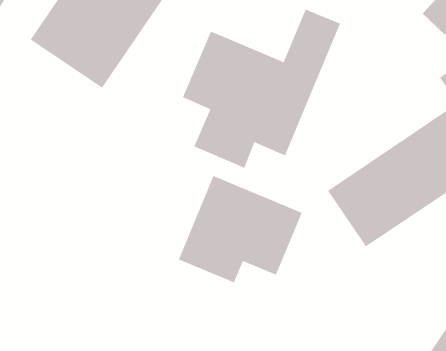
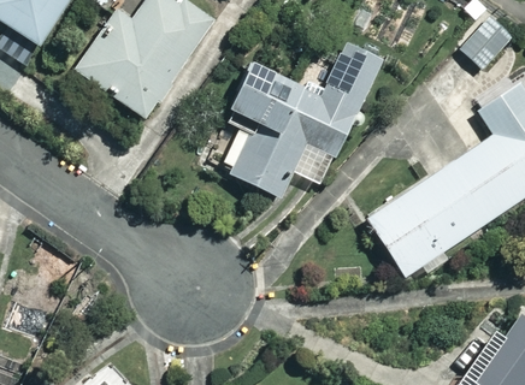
building: [178,175,302,283] -> none

